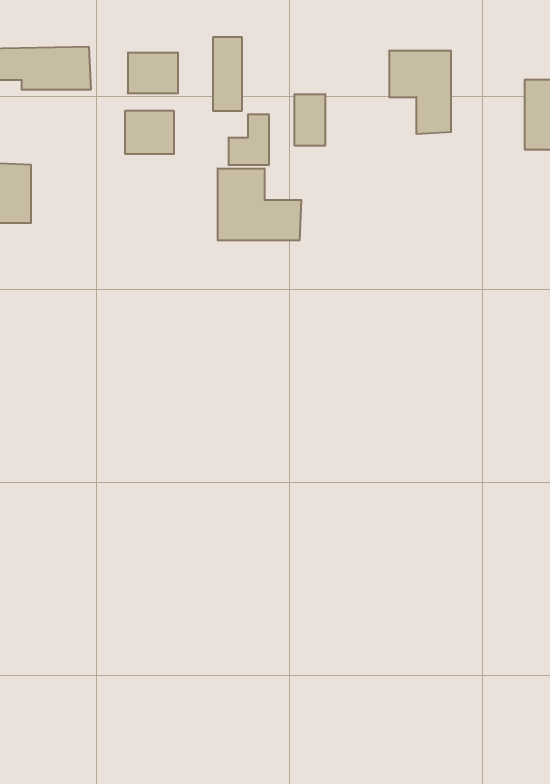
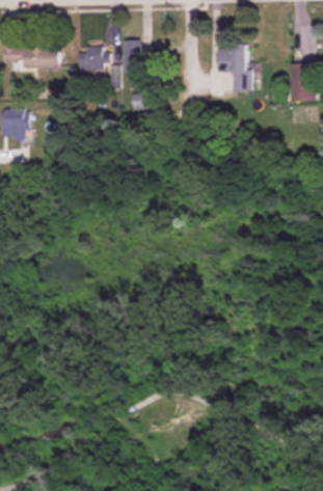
building: [295,94,325,146] -> none
building: [125,111,174,154] -> none
building: [218,168,301,240] -> none

